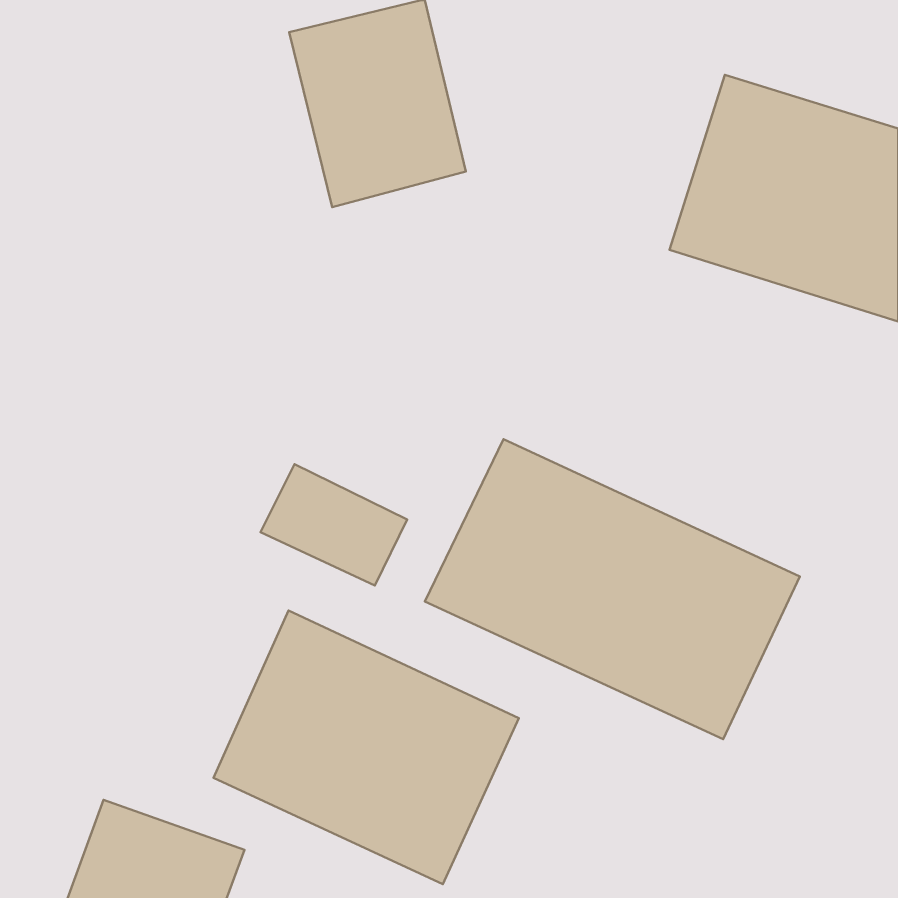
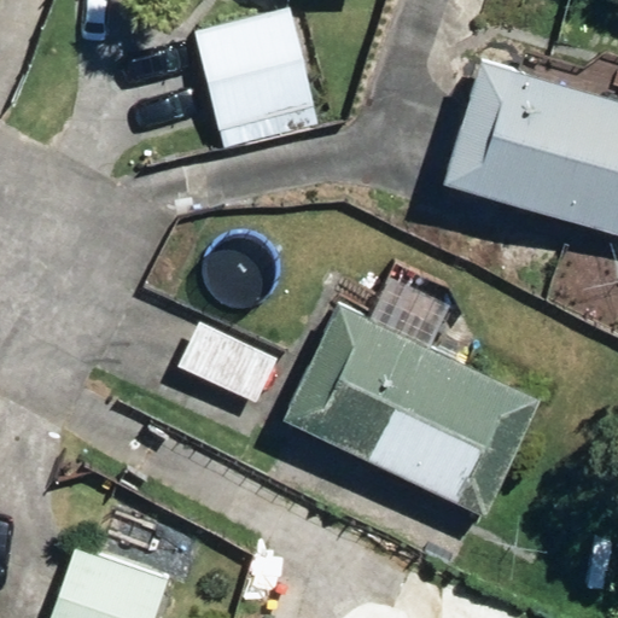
building: [214,610,519,884] -> none

